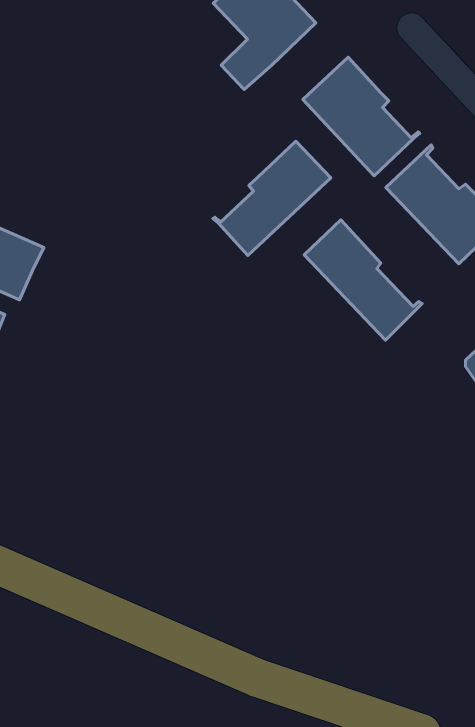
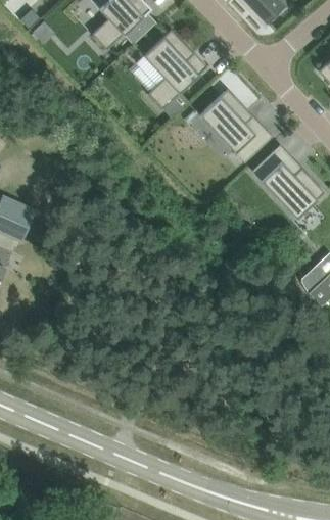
building: [213,141,331,255] -> none
building: [304,220,422,340] -> none

